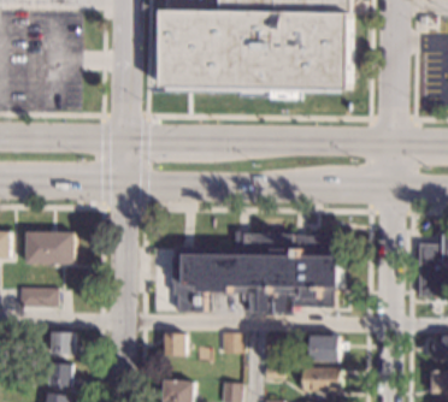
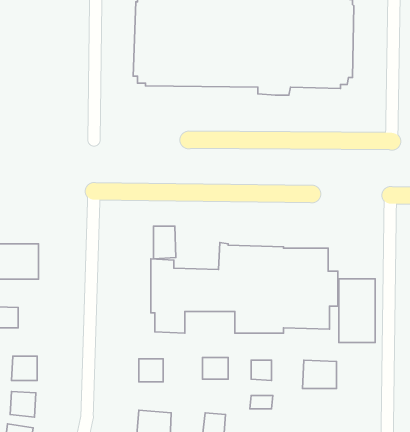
building: none -> [154,226,176,259]
building: none -> [339,279,375,343]
building: [302,366,340,391] -> none

